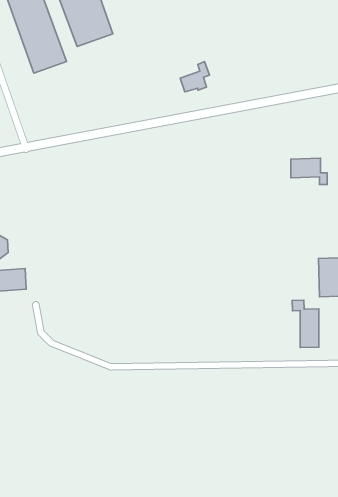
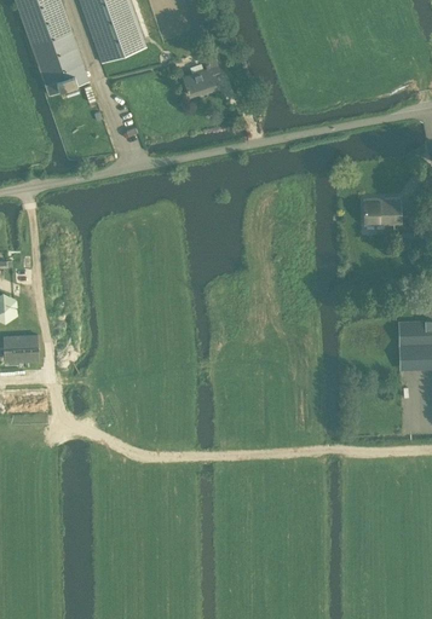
building: [180,61,210,92] -> [184,57,220,94]
building: [292,300,319,348] -> none

